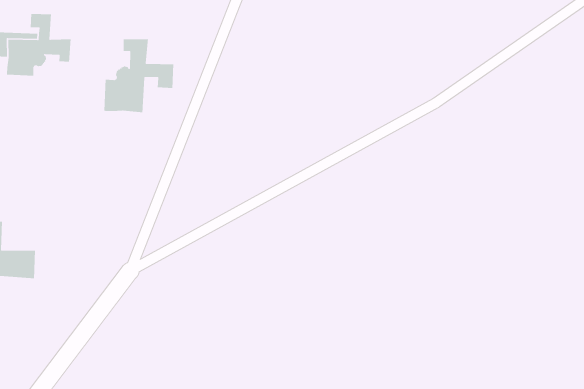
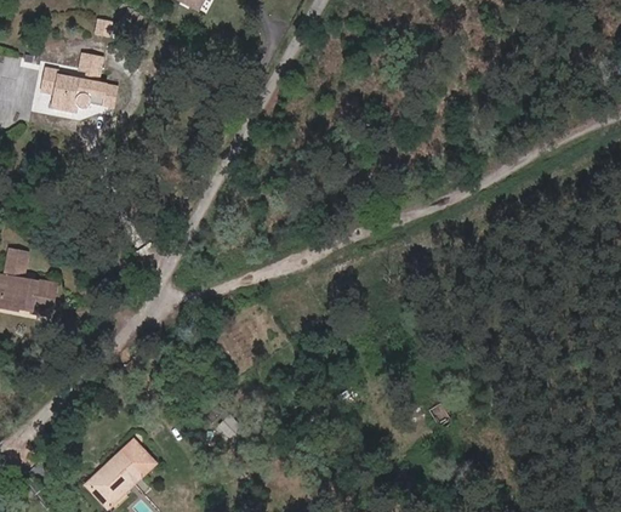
building: [104,38,174,113] -> none

